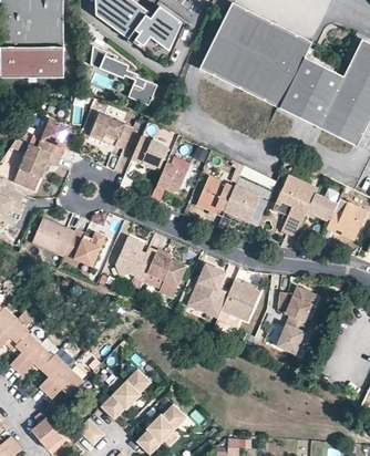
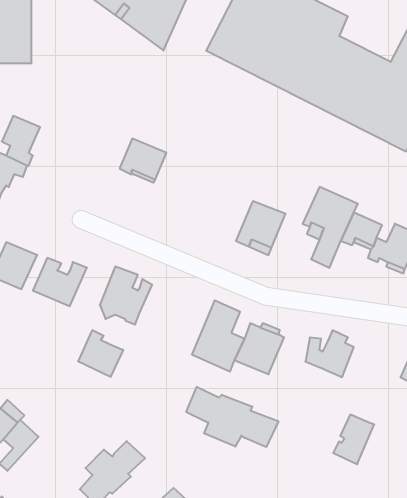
building: [90,45,157,105] -> none
building: [89,111,133,148] -> none
building: [155,160,188,191] -> none
building: [197,175,235,215] -> none
building: [147,247,183,283] -> [78,330,123,377]
building: [277,314,309,353] -> [333,415,374,464]
building: none -> [186,387,278,447]
building: [44,367,83,401] -> none

